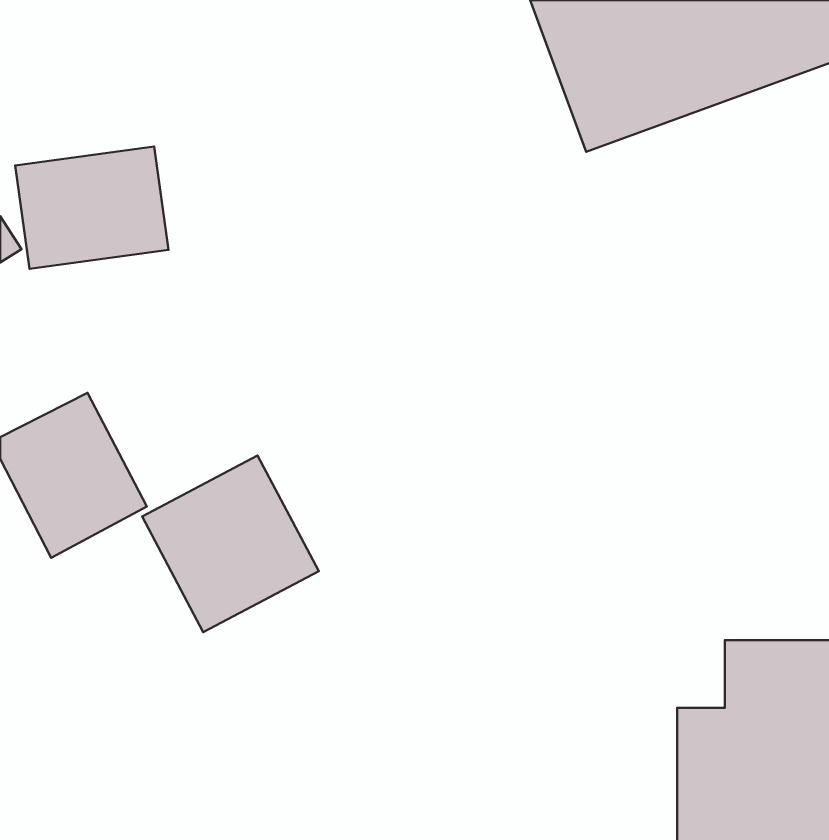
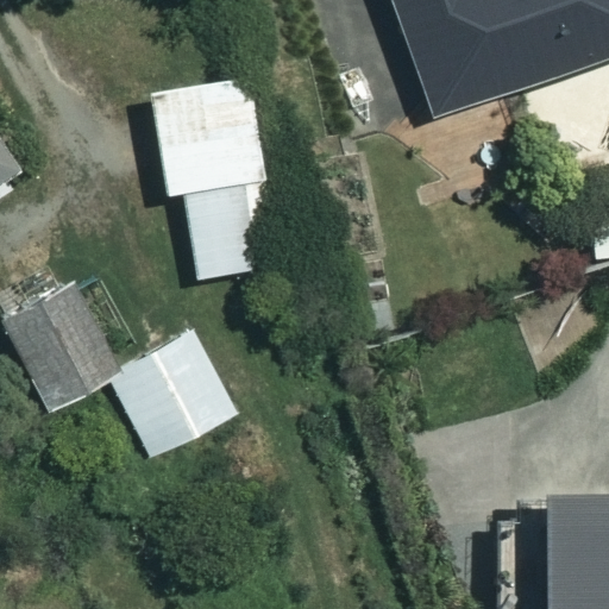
building: none -> [155,80,272,319]
building: [15,147,168,269] -> none

